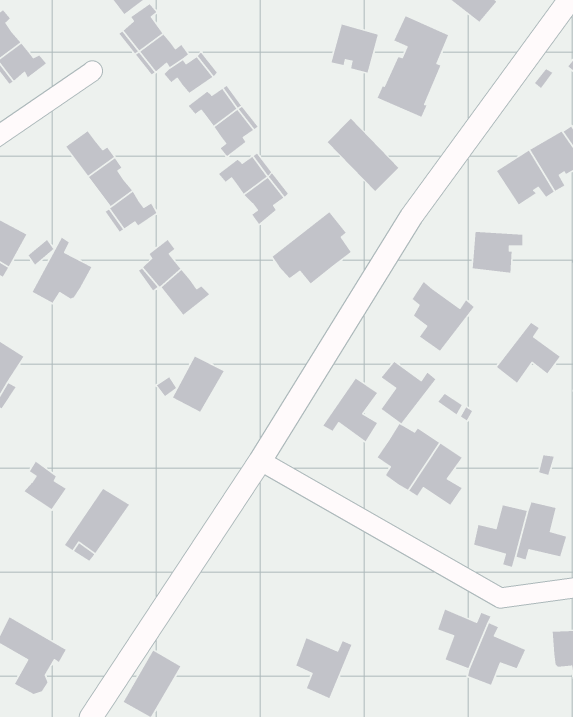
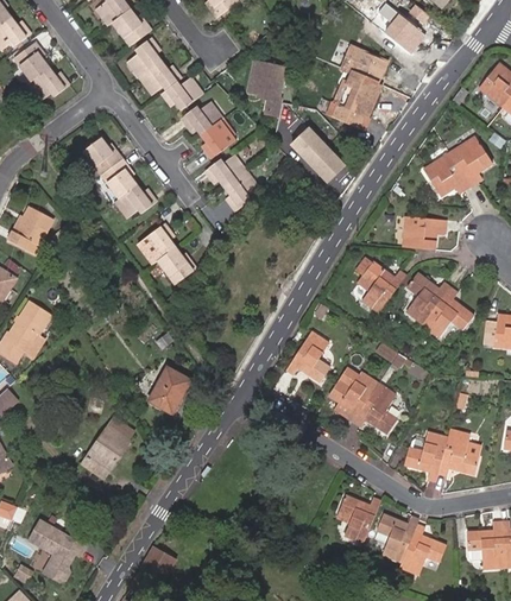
building: [331,24,379,73] -> [247,59,285,99]
building: [272,211,352,285] -> none
building: [32,237,93,304] -> none
building: [172,356,225,413] -> [149,367,190,412]
building: [380,361,436,424] -> [405,273,449,323]
building: [23,461,67,510] -> none
building: [295,637,353,699] -> [335,494,380,543]

